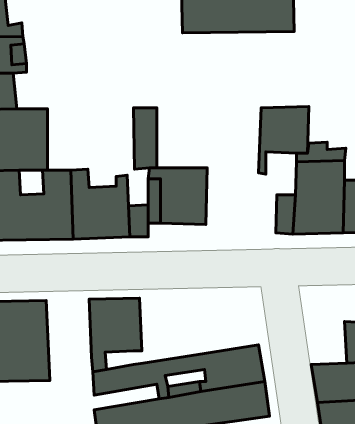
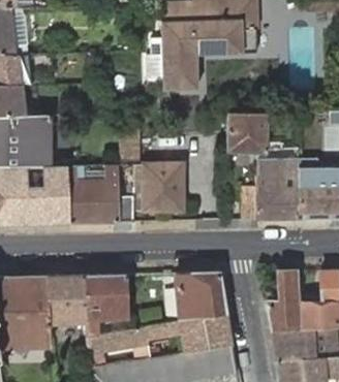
building: none -> [162,50,257,89]
building: none -> [266,270,301,329]
building: none -> [176,272,226,320]
building: none -> [48,275,86,324]

